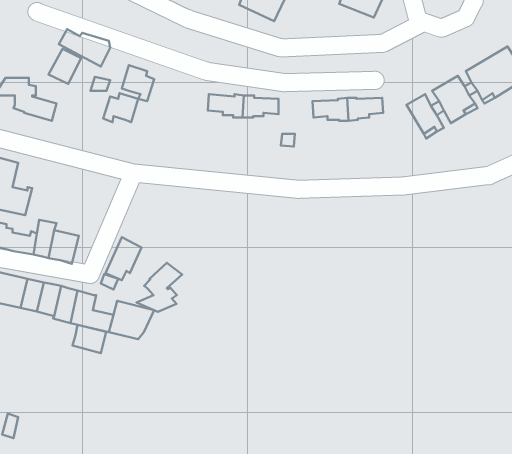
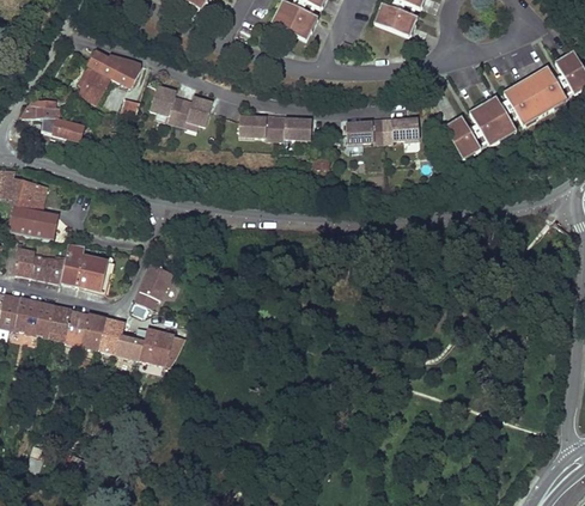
building: [103,93,138,122] -> [177,96,213,126]
building: [137,263,182,312] -> none
building: [73,325,106,353] -> none

